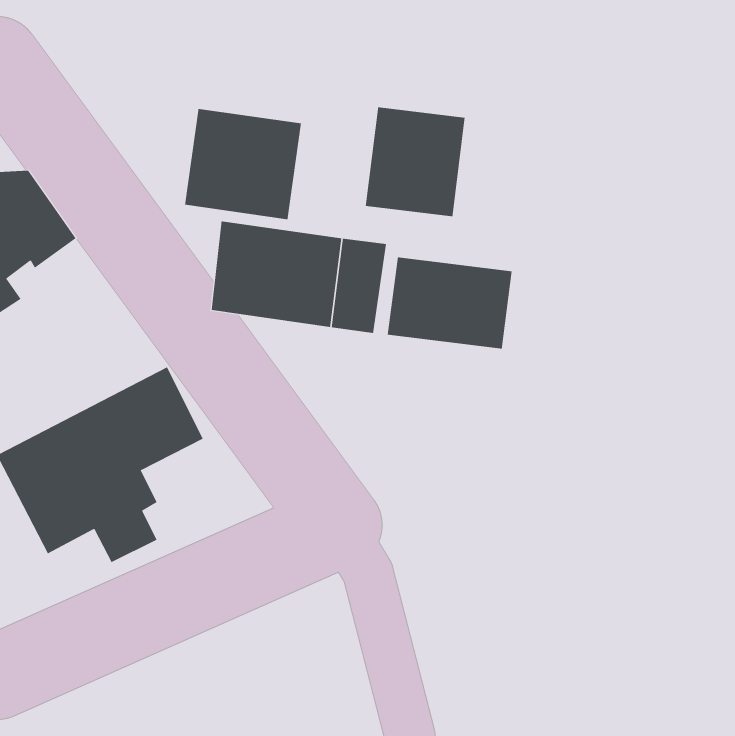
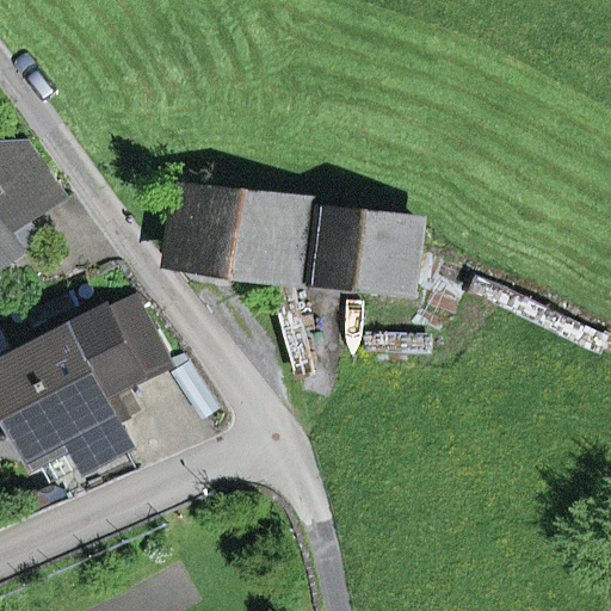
building: [365,106,465,217] -> none
building: [185,108,301,220] -> none

